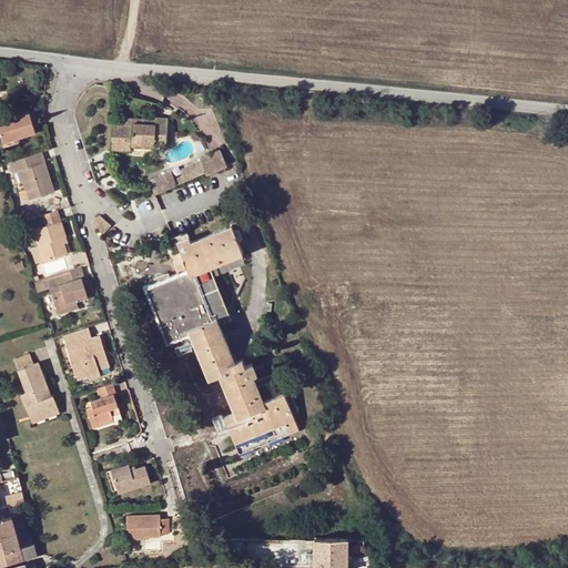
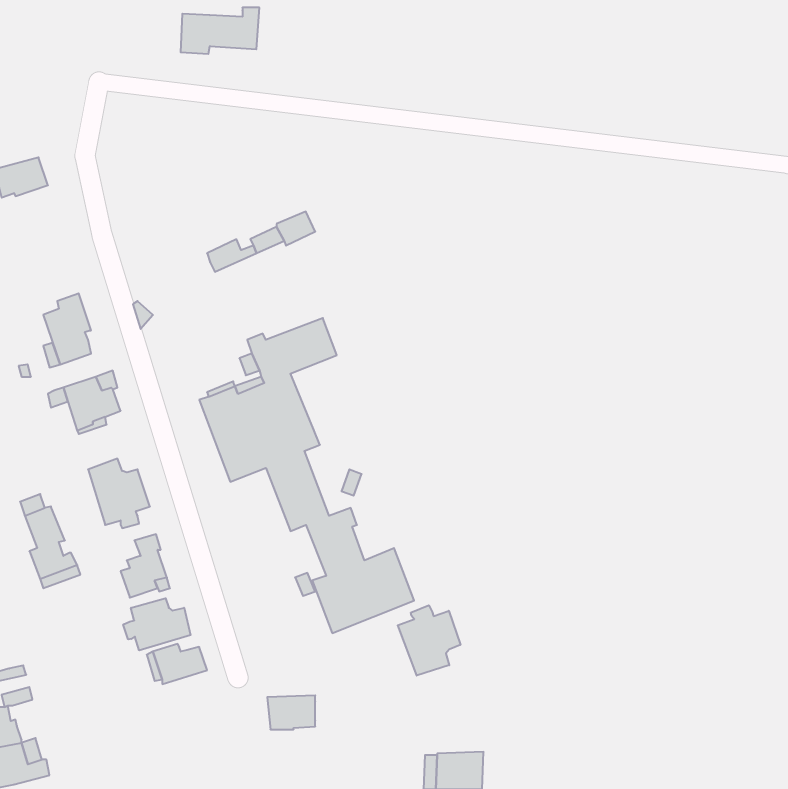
building: [110,119,166,152] -> [181,8,259,54]
building: [8,153,54,201] -> none
building: none -> [123,598,191,650]
building: none -> [398,605,460,676]
building: [125,516,160,540] -> [267,695,315,729]

